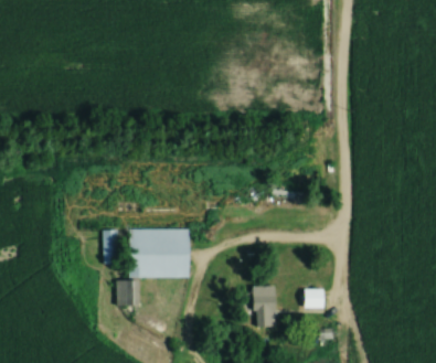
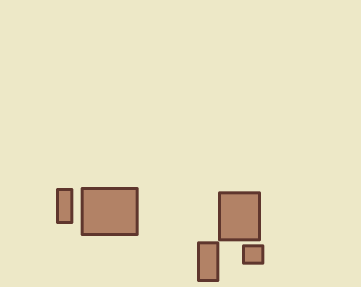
building: none -> [220,193,259,240]
building: [115,279,136,305] -> none

